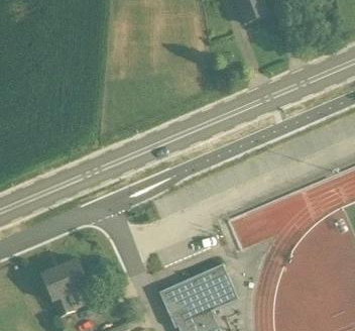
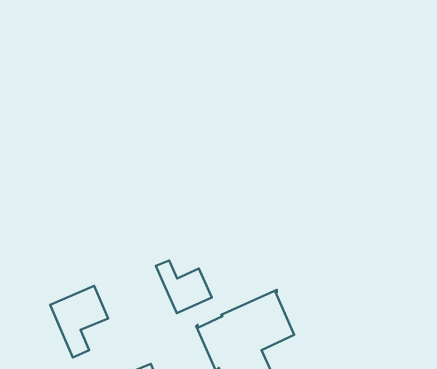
building: none -> [156,261,212,313]

